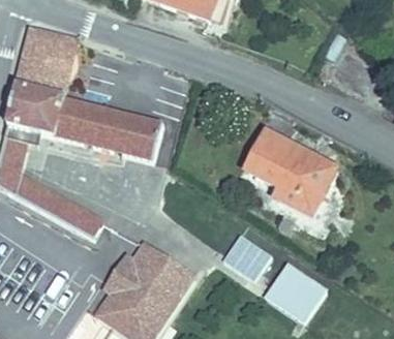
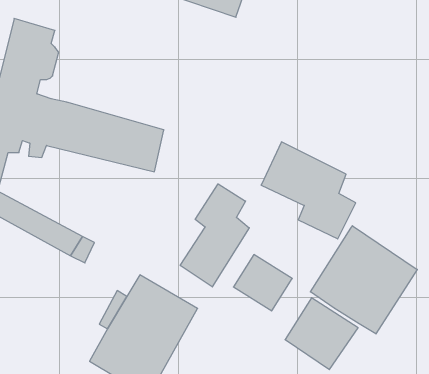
building: none -> [180,184,249,287]
building: none -> [310,226,417,334]

